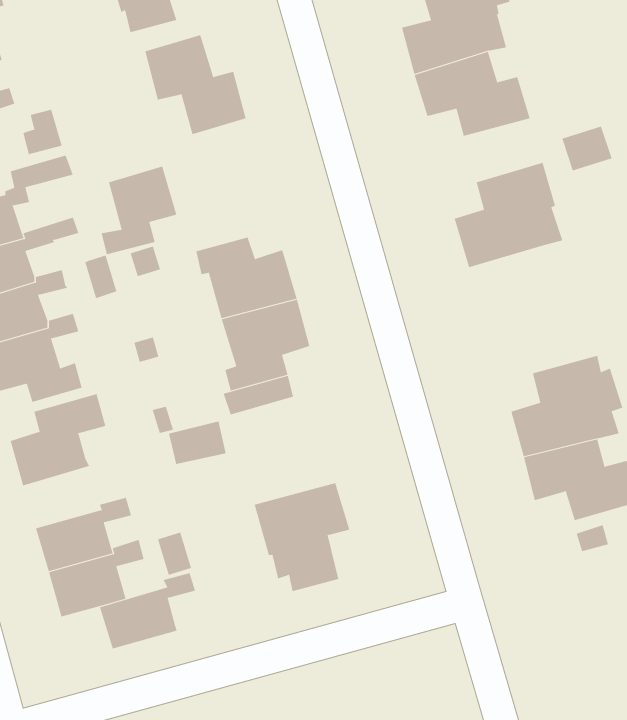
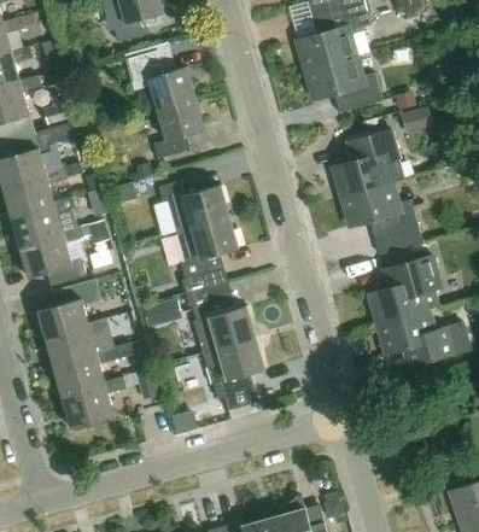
building: [101,166,177,255] -> [153,98,204,157]
building: none -> [341,182,422,252]
building: none -> [189,296,253,353]
building: [99,573,196,649] -> [46,318,110,369]

